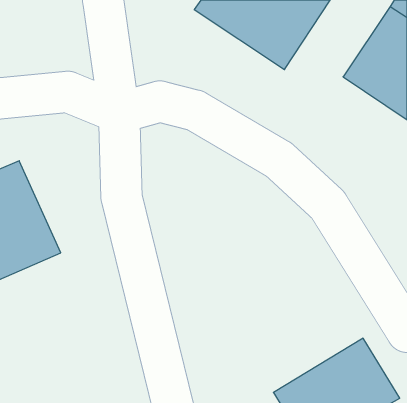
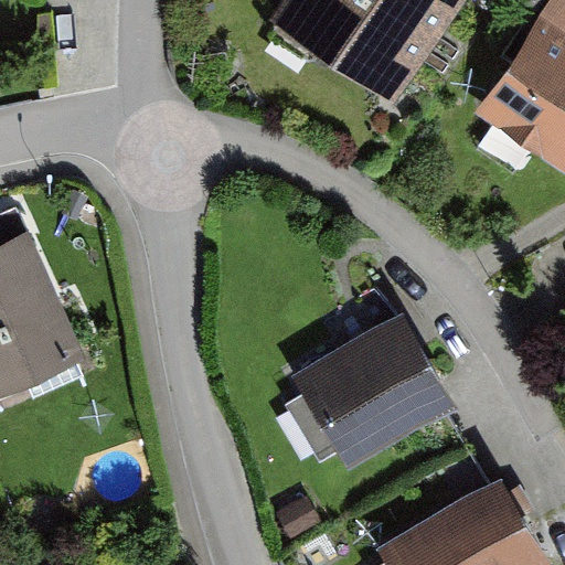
building: none -> [292,310,459,468]

